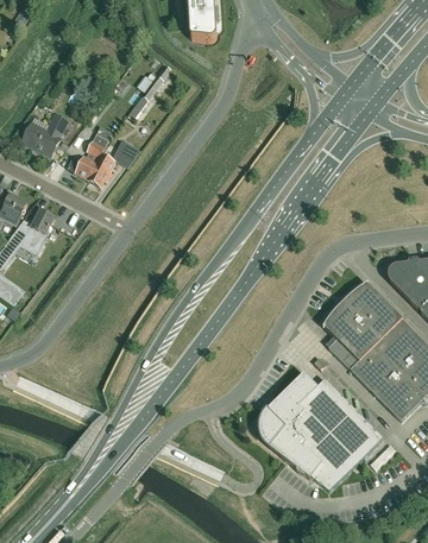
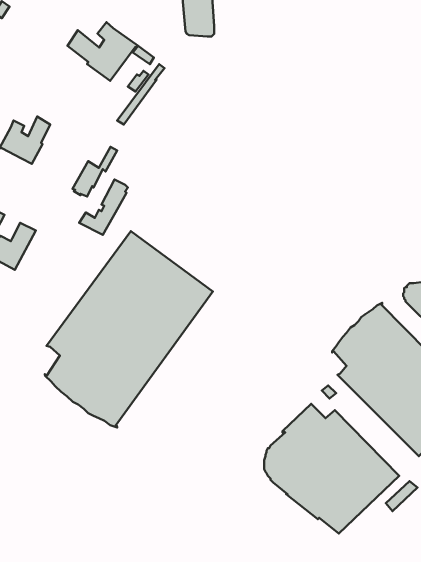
building: none -> [67,22,138,81]
building: [67,128,111,178] -> [79,180,128,235]
building: none -> [45,231,213,427]

